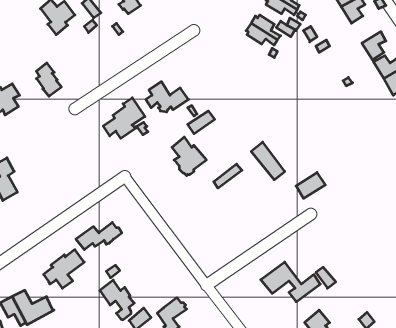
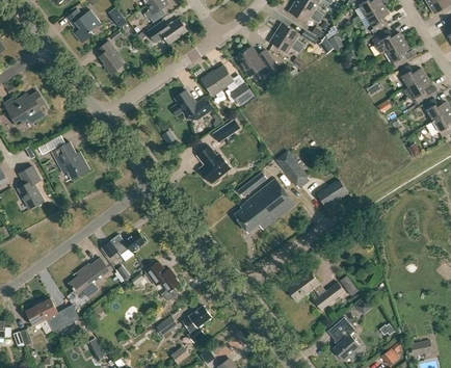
building: none -> [148,19,188,45]
building: none -> [372,29,405,55]
building: none -> [237,47,277,76]
building: none -> [202,65,255,104]
building: [36,63,61,96] -> [99,41,124,74]
building: [103,98,145,138] -> none
building: none -> [53,142,89,180]
building: none -> [235,179,295,233]
building: [100,280,134,320] -> [145,261,180,300]

